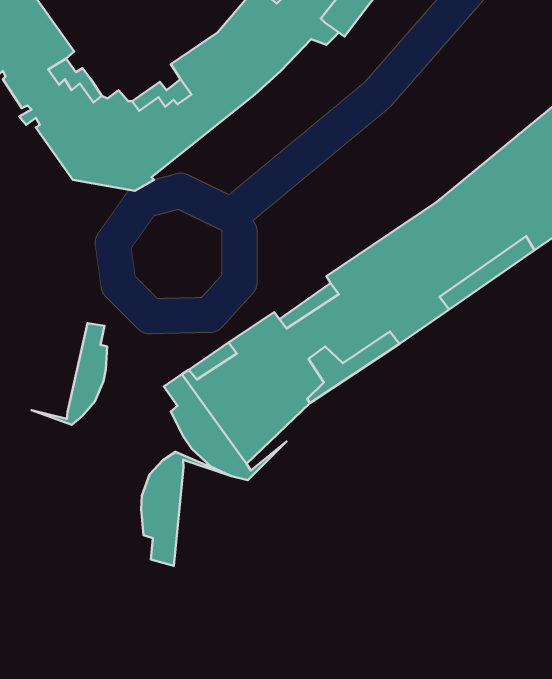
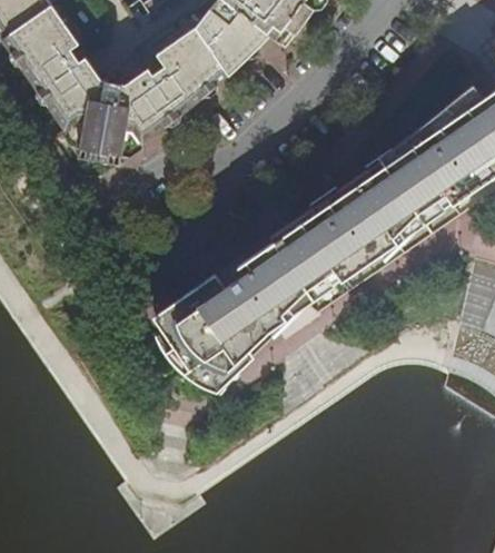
building: [31,323,107,425] -> none
building: [141,452,232,566] -> none

